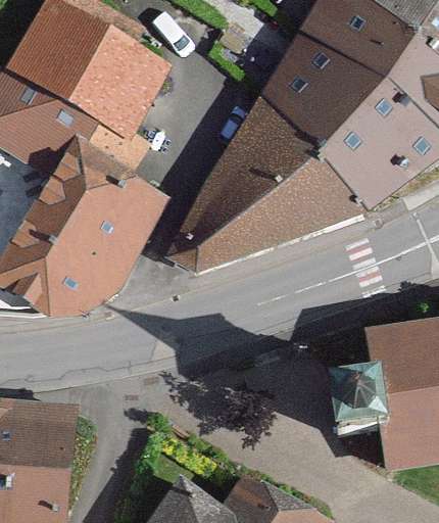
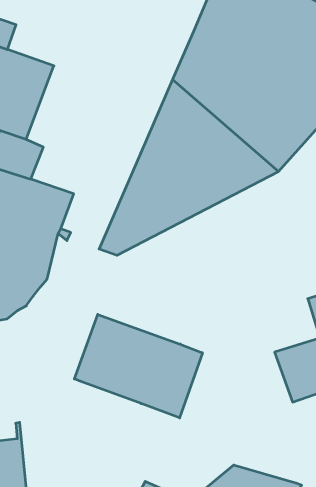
building: none -> [74,314,202,418]

